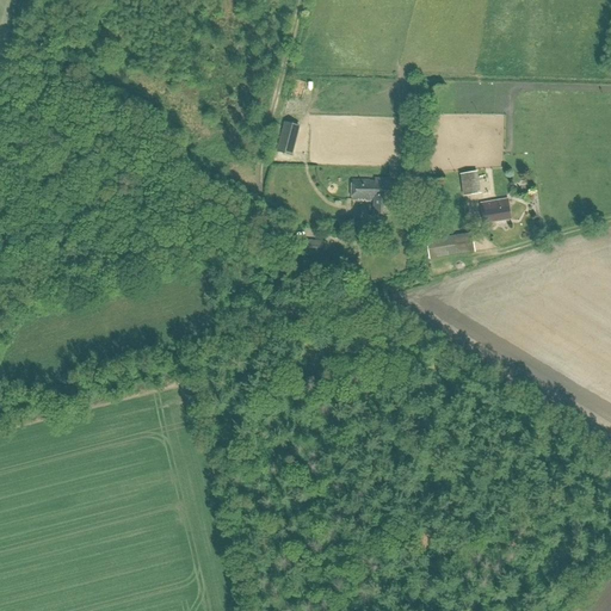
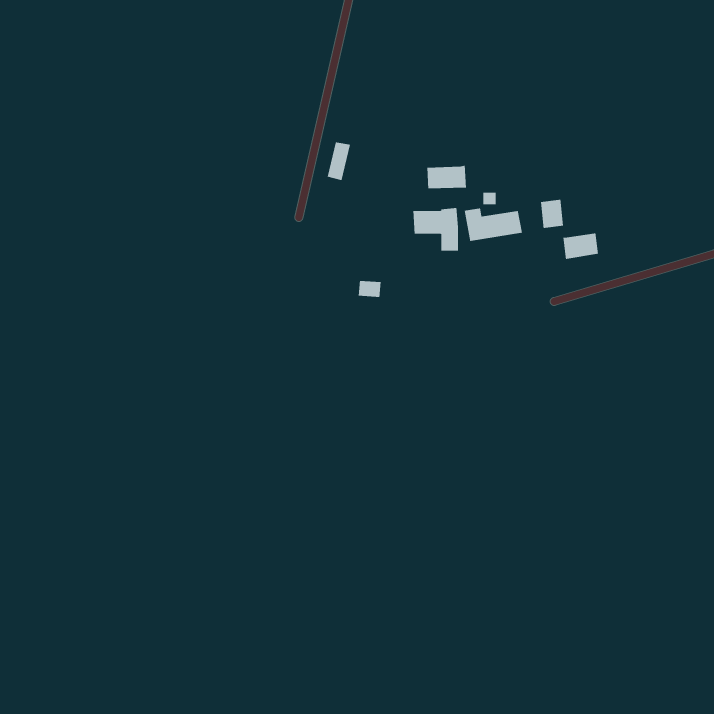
building: none -> [427,165,467,189]
building: [424,229,474,258] -> [464,208,523,241]

